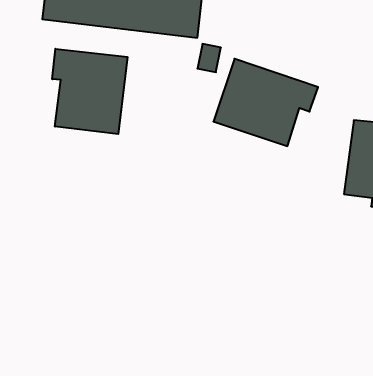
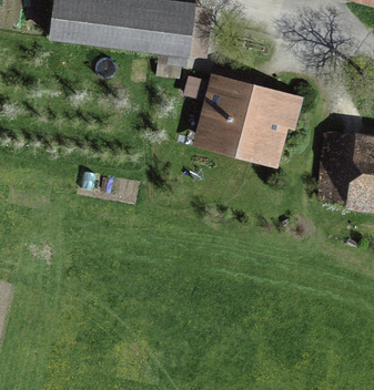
building: [52,49,127,134] -> none

